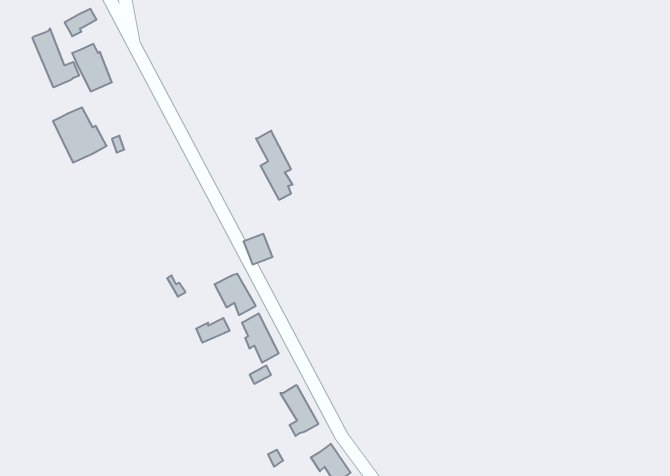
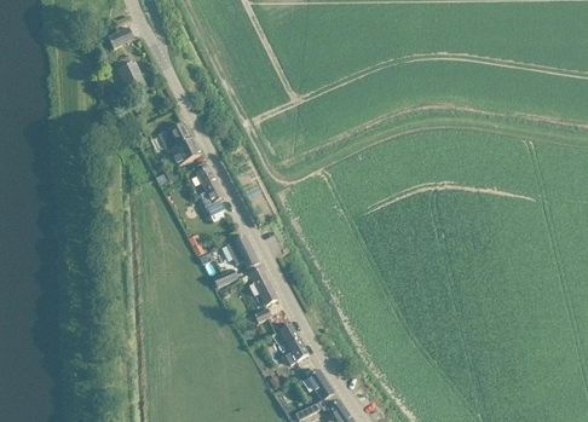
building: [32,28,79,87] -> none
building: [53,107,107,163] -> [156,123,198,167]
building: [256,131,293,200] -> [194,167,223,221]

